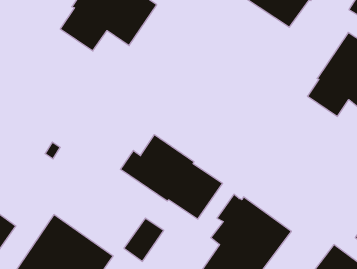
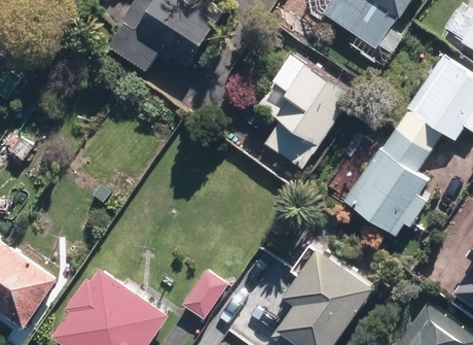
building: none -> [255,50,353,168]
building: none -> [341,128,429,236]
building: [120,135,223,219] -> none

